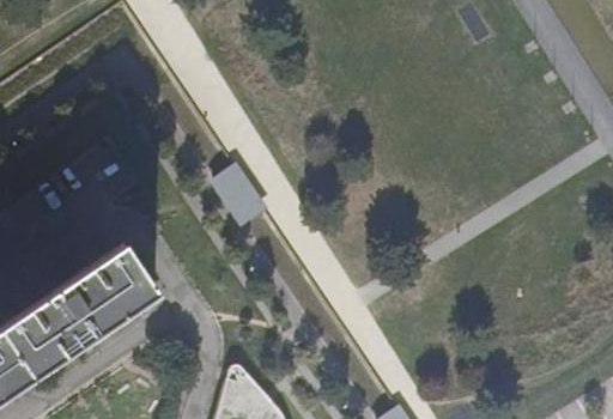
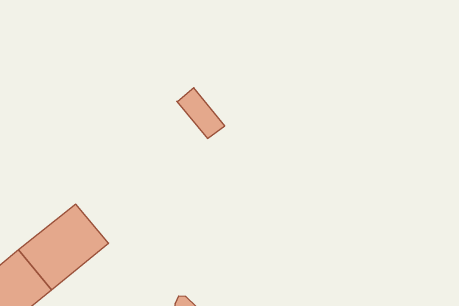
building: [211,165,265,226] -> [177,88,225,138]

